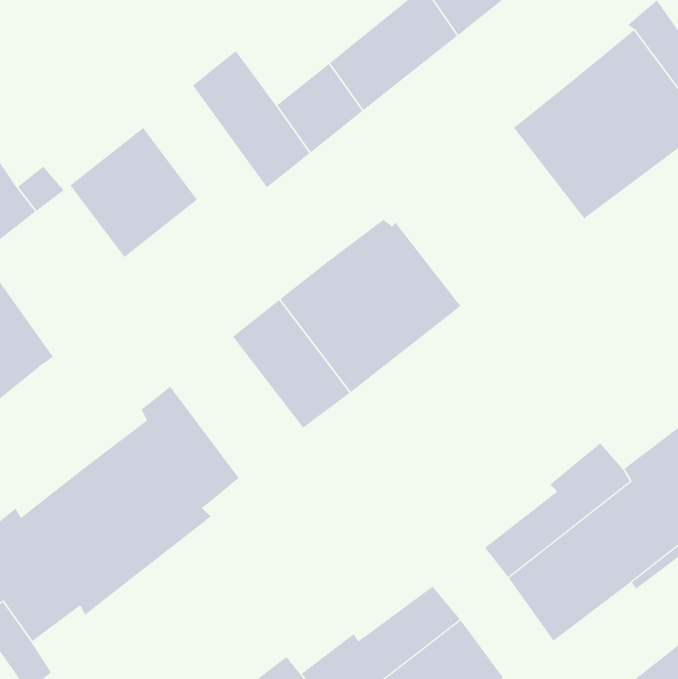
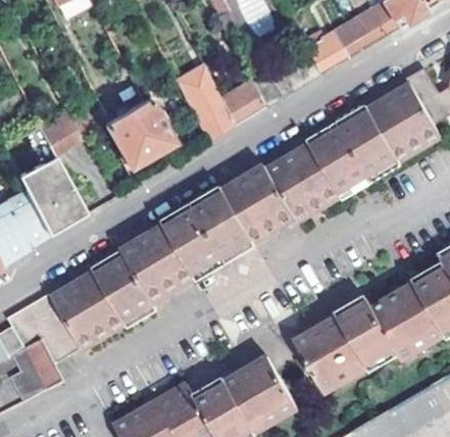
building: none -> [272,125,371,223]
building: none -> [143,214,209,289]

